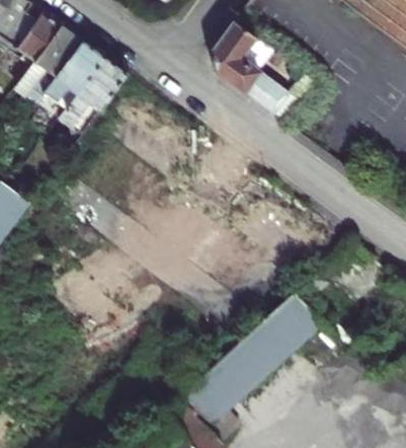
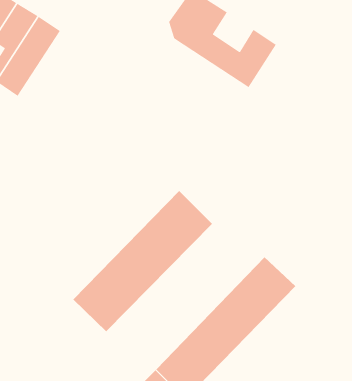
building: [59,56,129,136] -> none
building: none -> [73,190,213,332]

